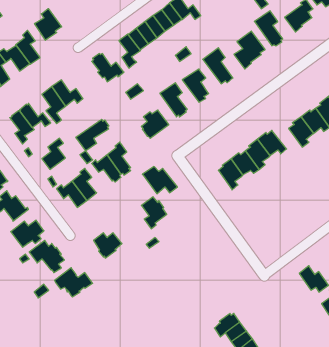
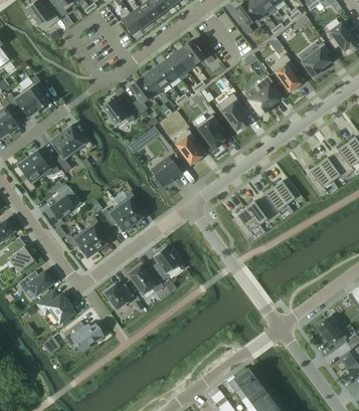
building: [35,9,62,40] -> none
building: [76,119,109,151] -> none
building: [142,167,177,194] -> [129,265,165,293]

